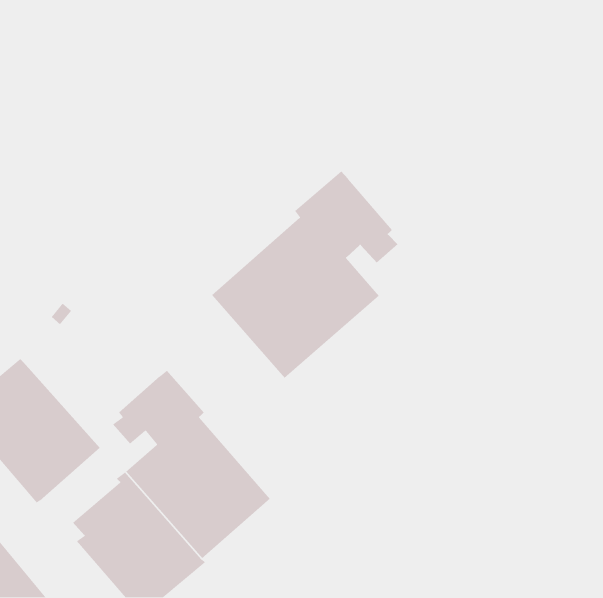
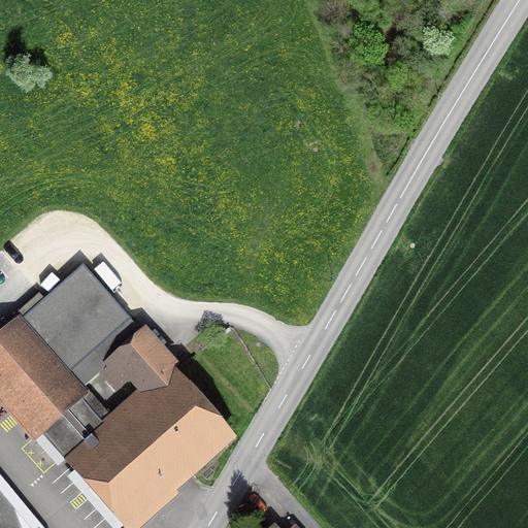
building: [211,171,399,379] -> none
building: none -> [21,262,139,462]

